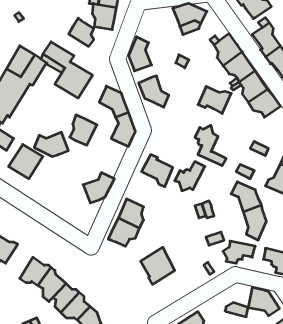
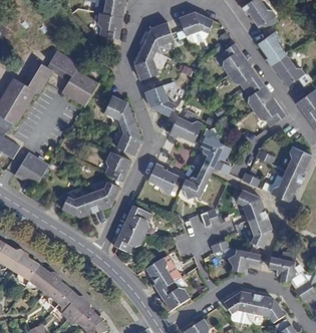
building: none -> [141,21,173,51]
building: [69,18,94,46] -> none
building: [198,86,231,114] -> [169,115,202,142]
building: [70,115,97,145] -> [104,150,131,181]
building: [34,132,68,156] -> [61,193,95,217]
building: none -> [11,252,38,286]
building: none -> [157,282,189,311]
building: none -> [224,292,257,315]

